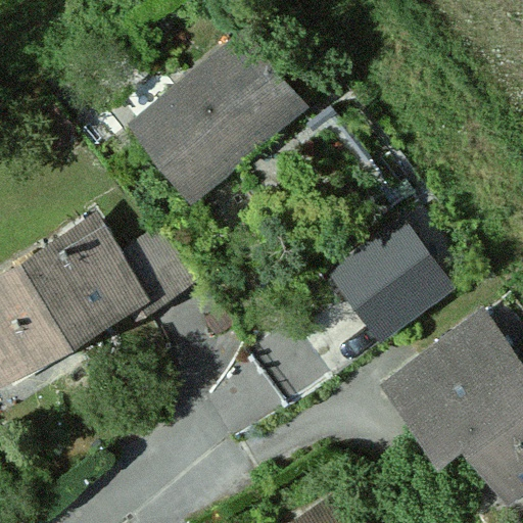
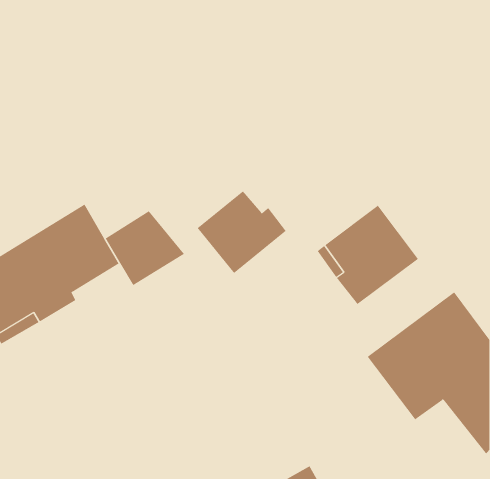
building: [136,43,294,198] -> none
building: none -> [197,191,287,274]

